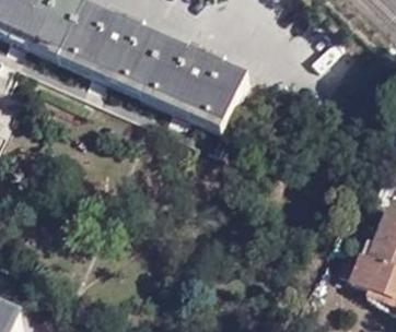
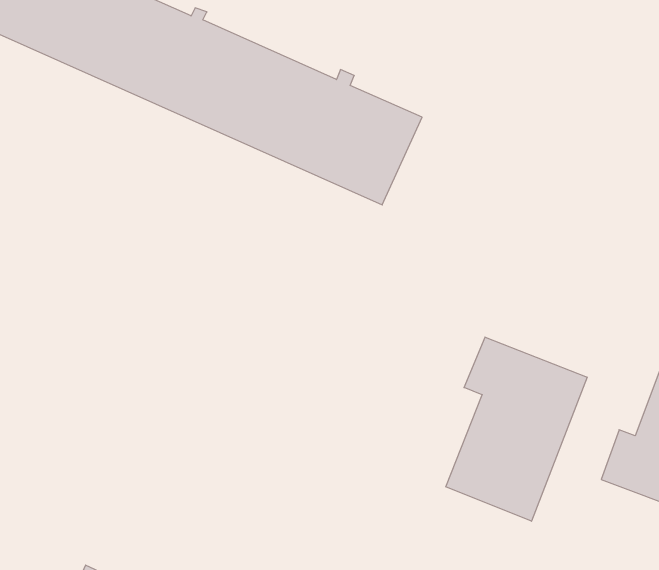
building: none -> [446,337,587,521]

